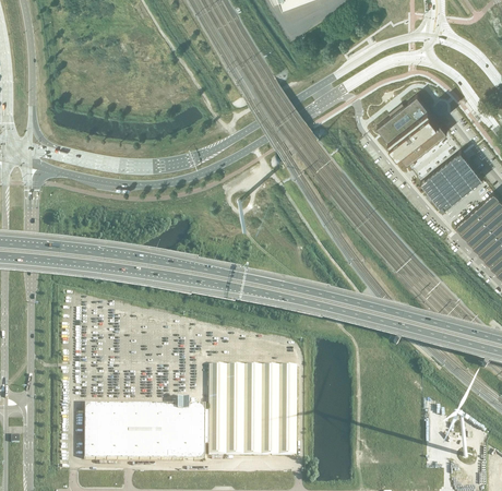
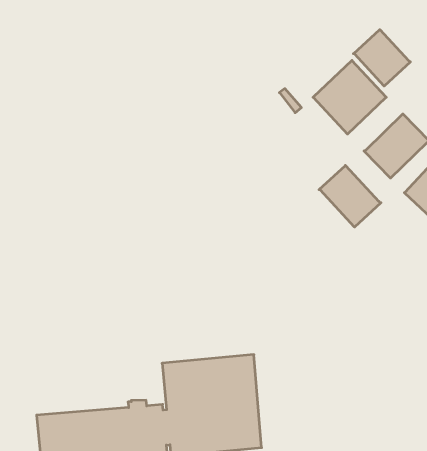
building: none -> [353,30,410,86]
building: none -> [319,165,381,227]

